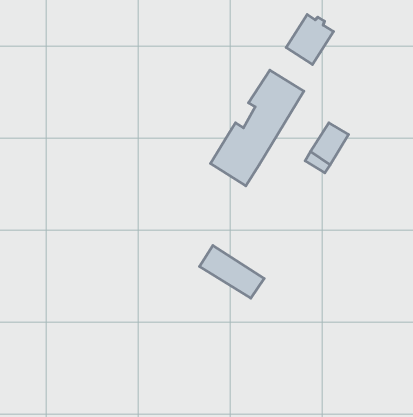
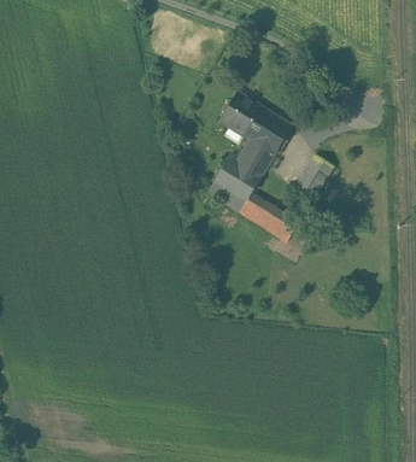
building: [286,15,334,65] -> [218,90,262,136]
building: [200,246,264,298] -> [240,193,299,241]

